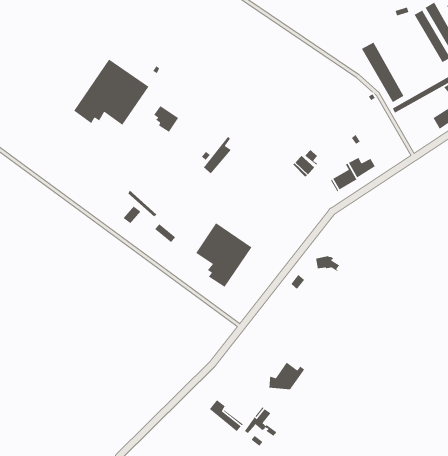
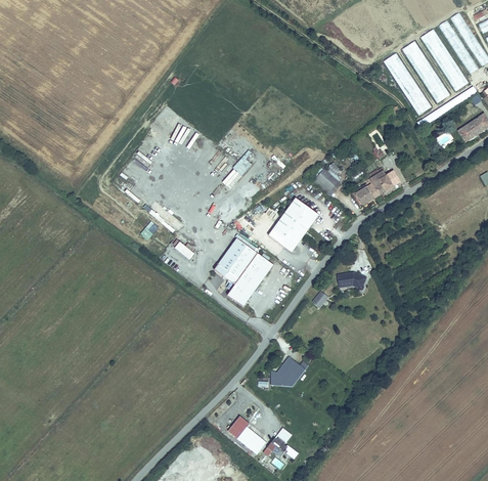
building: none -> [420,28,468,91]
building: none -> [402,40,449,102]
building: [73,58,150,126] -> none
building: none -> [268,196,318,252]
building: [269,361,305,390] -> [270,356,308,386]

